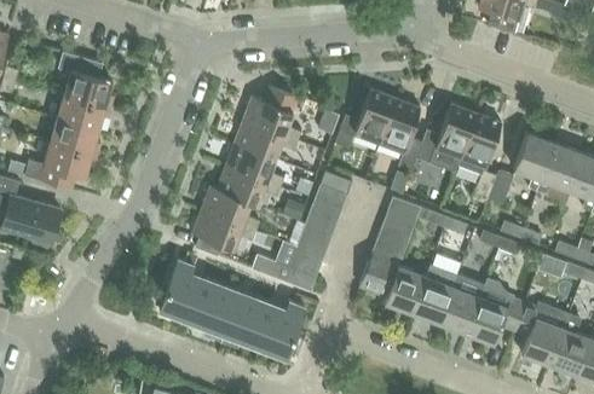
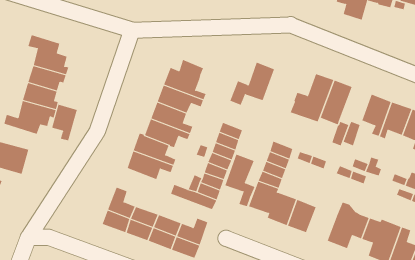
building: [379,98,421,170] -> [224,154,255,207]
building: none -> [52,104,77,141]
building: [438,286,479,332] -> none

